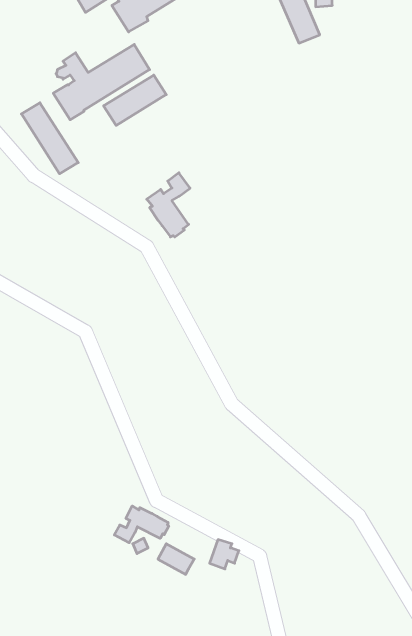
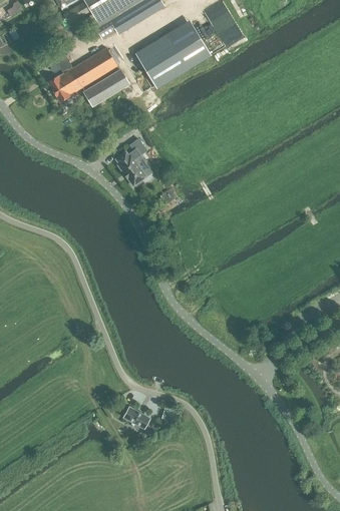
building: none -> [136,20,213,87]
building: [21,103,78,174] -> none
building: [114,506,169,543] -> none

